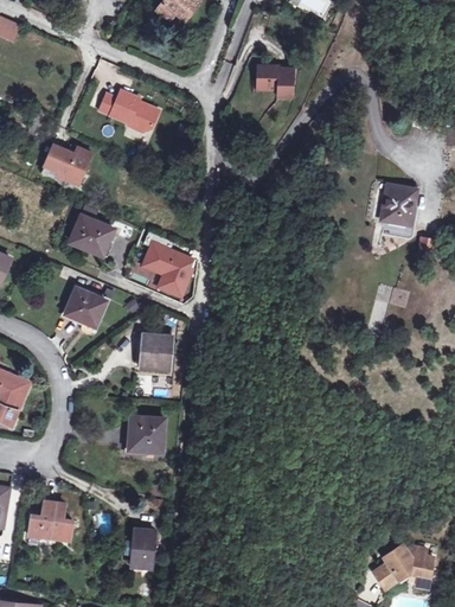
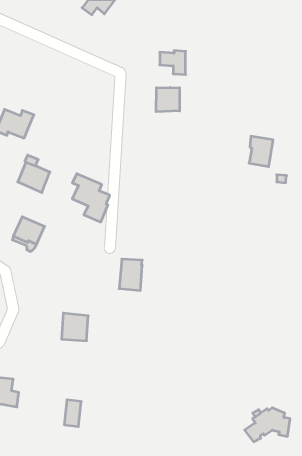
building: [100,90,159,132] -> none
building: none -> [156,87,180,112]
building: [141,328,172,370] -> [119,259,142,290]

